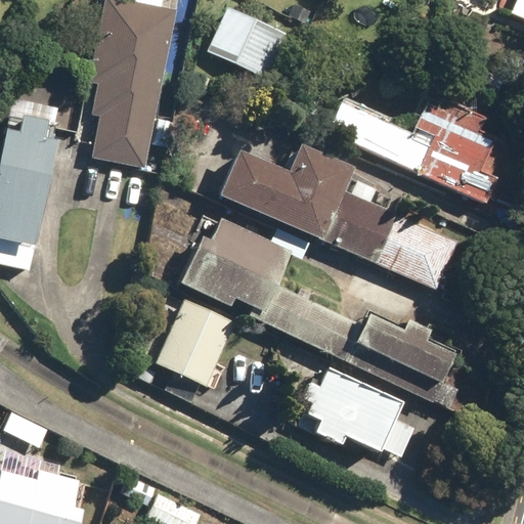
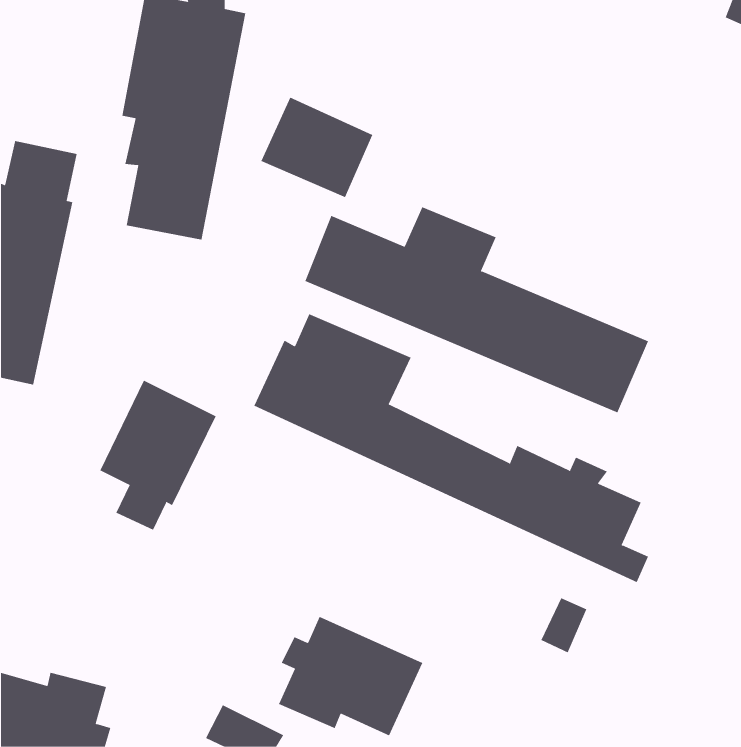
building: [208,6,287,77] -> [261,97,373,198]
building: [334,102,496,202] -> none
building: [155,298,236,403] -> [99,380,217,531]
building: [300,365,401,449] -> [278,616,423,736]

